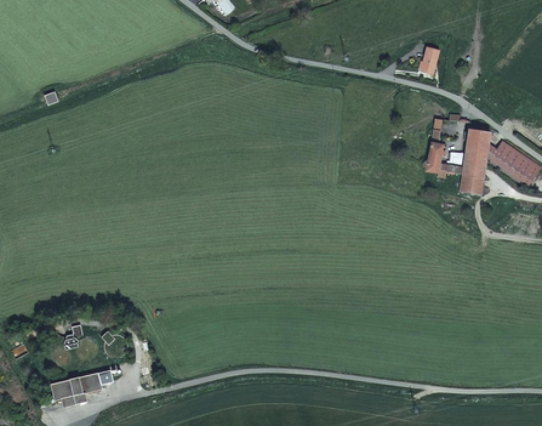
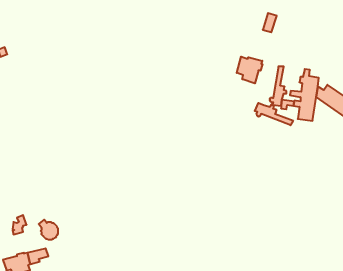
building: none -> [237,57,262,83]
building: none -> [255,103,293,125]

